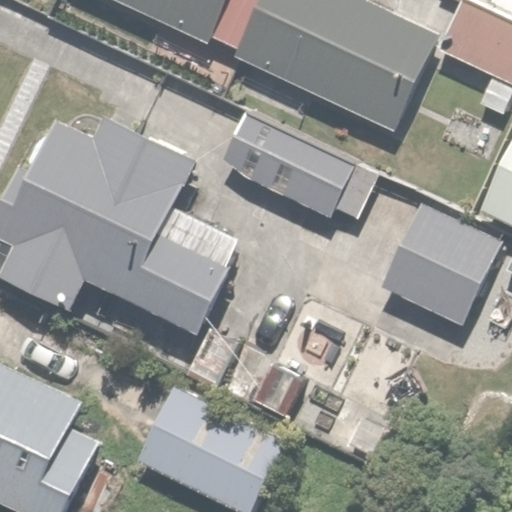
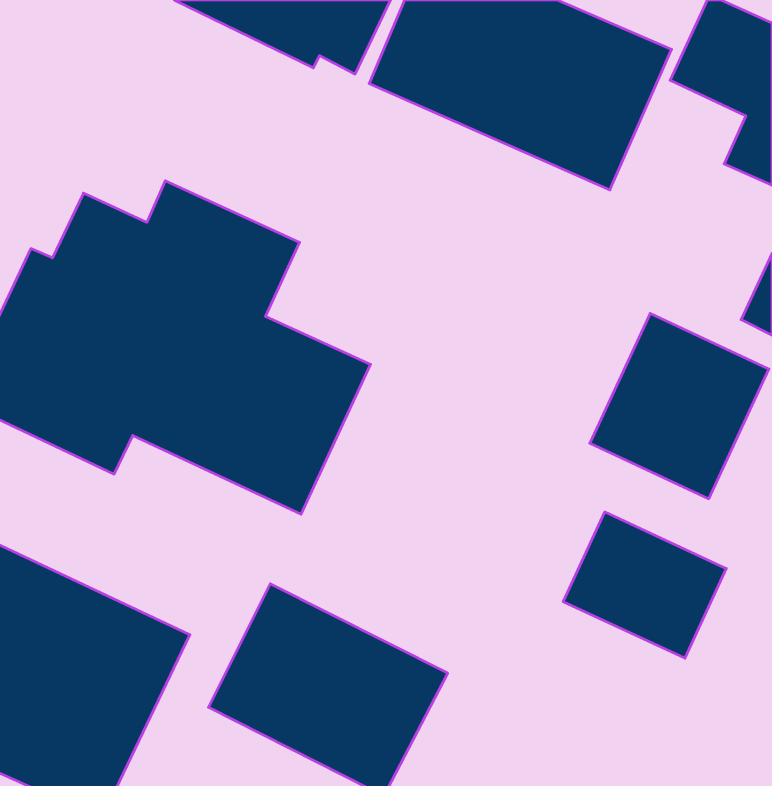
building: [218,108,357,219] -> none
building: none -> [563,512,726,658]

